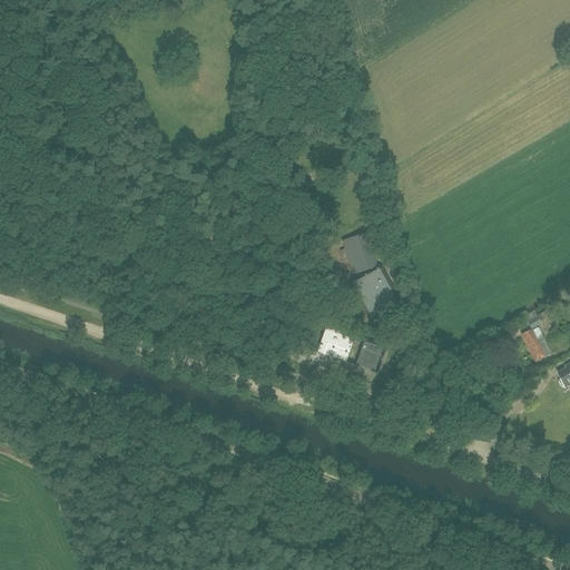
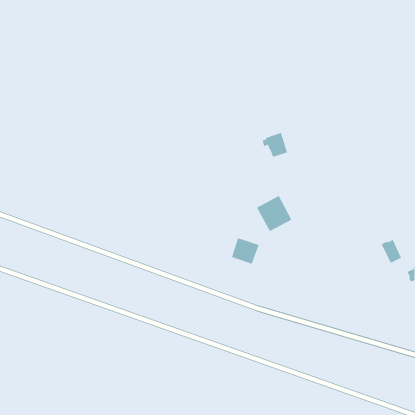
building: [340,238,375,273] -> [262,132,288,157]
building: [356,341,382,370] -> none

